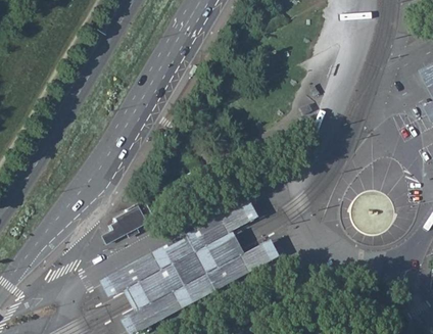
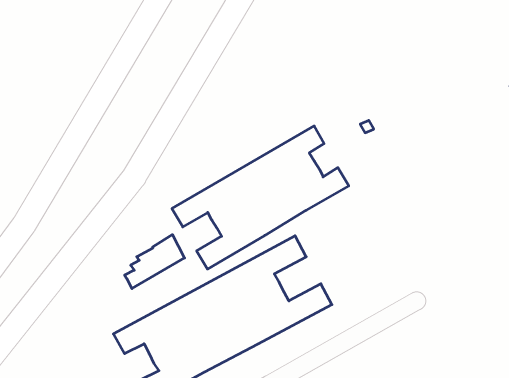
building: none -> [172,126,349,269]

